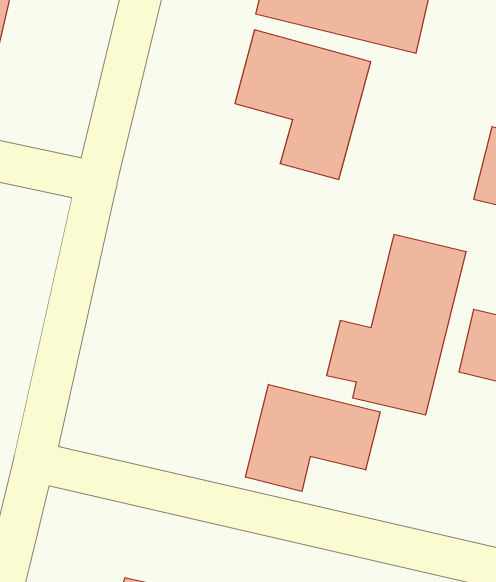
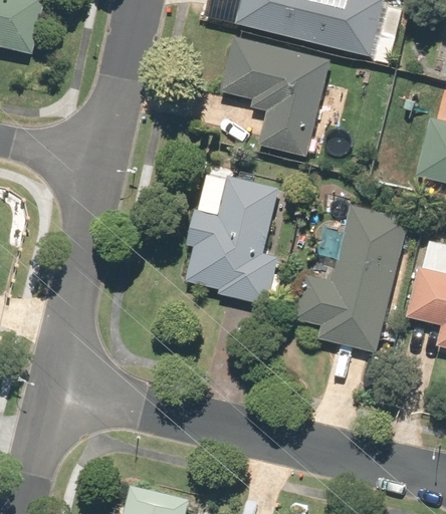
building: none -> [185,176,278,305]
building: [246,384,380,491] -> none

